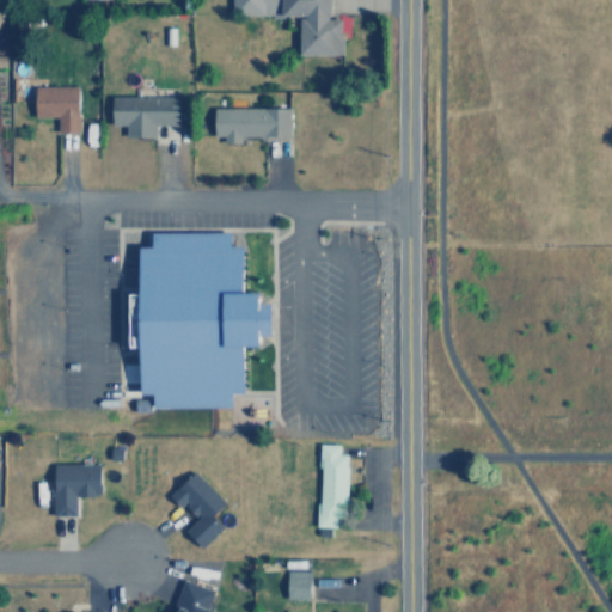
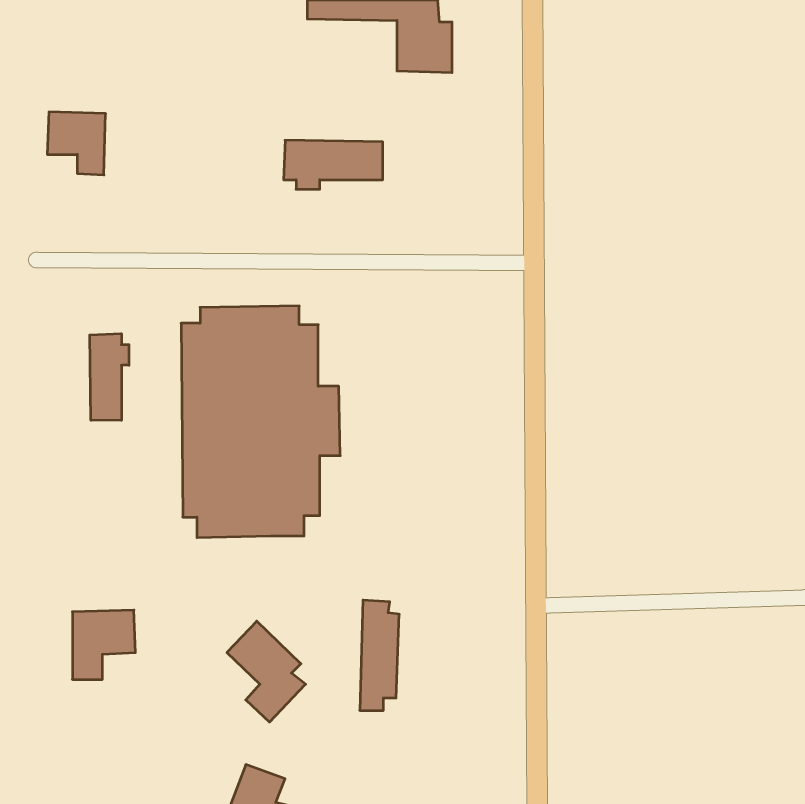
building: [112,97,182,137] -> none
building: none -> [90,334,129,420]
building: [319,443,349,527] -> [360,600,399,710]
building: [288,571,312,600] -> none

